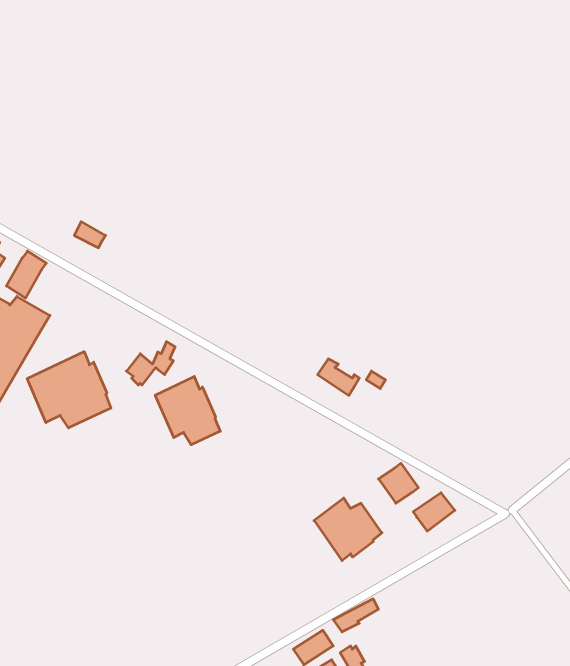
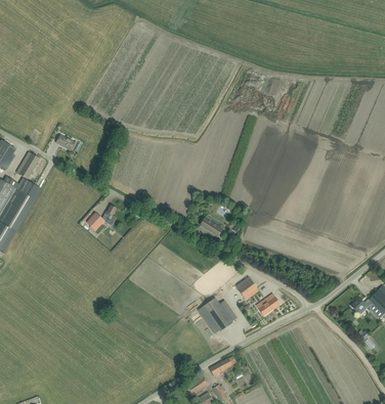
building: [27,352,111,428] -> none
building: [155,376,220,445] -> none

